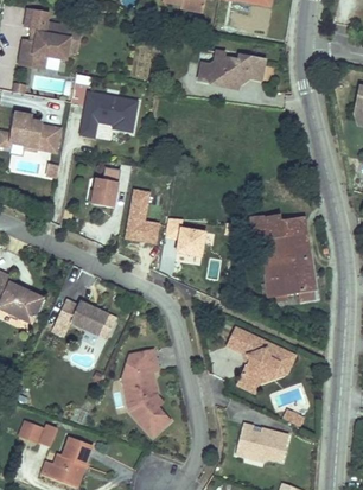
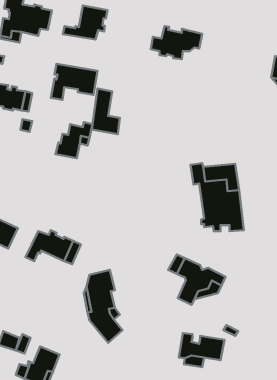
building: none -> [63,5,108,40]
building: [125,187,159,243] -> [92,89,120,134]
building: [166,217,205,255] -> none

